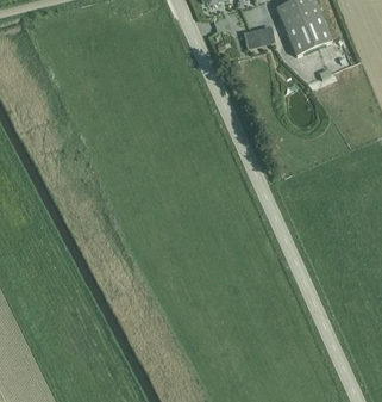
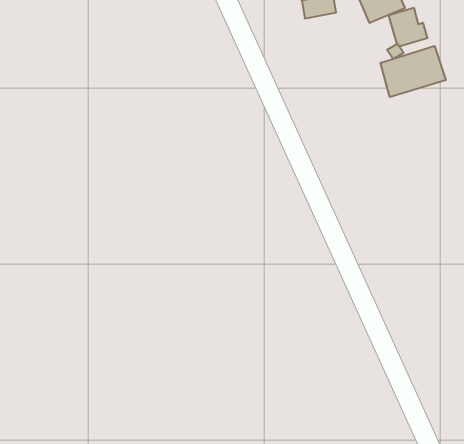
building: none -> [381,46,446,97]

